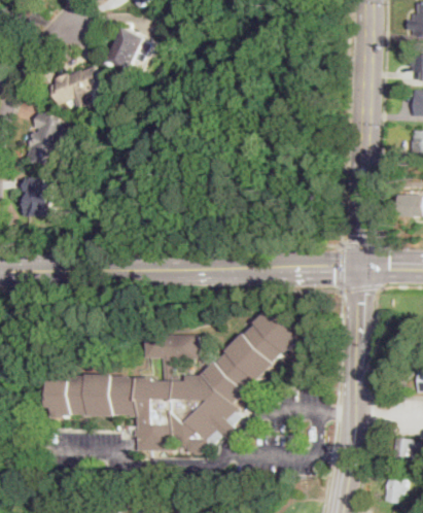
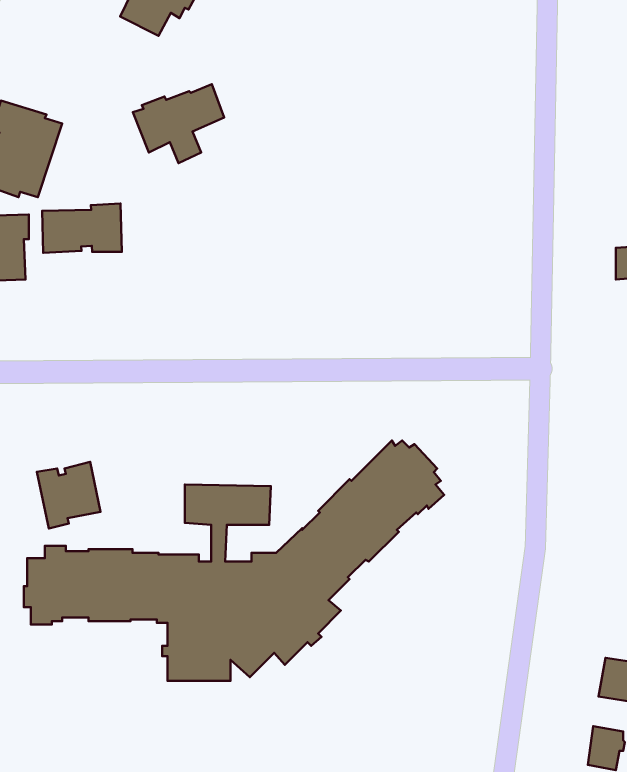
building: [47,65,101,111] -> [133,84,224,163]
building: none -> [42,204,122,253]
building: none -> [37,462,101,529]

